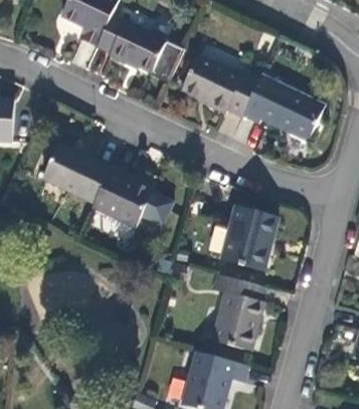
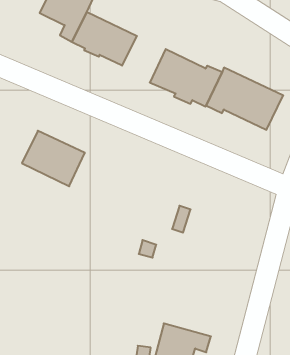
building: [149,40,185,83] -> none
building: [93,167,173,226] -> none
building: [222,207,278,271] -> none
building: [212,273,264,351] -> none

